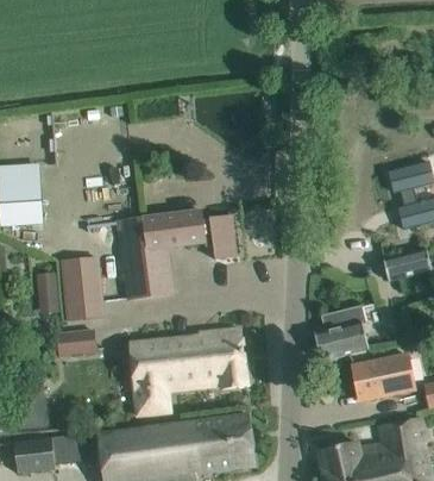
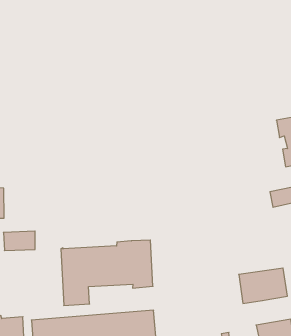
building: [117,210,238,299] -> none
building: [59,255,103,320] -> none
building: [314,305,369,360] -> none

